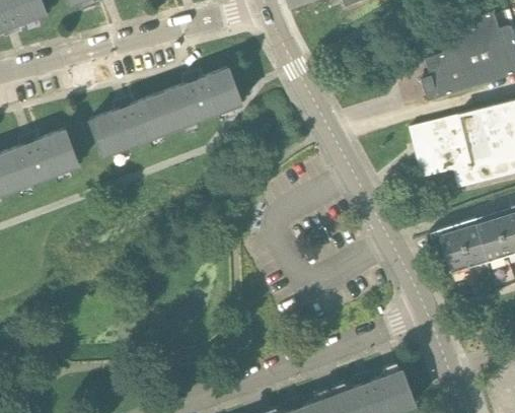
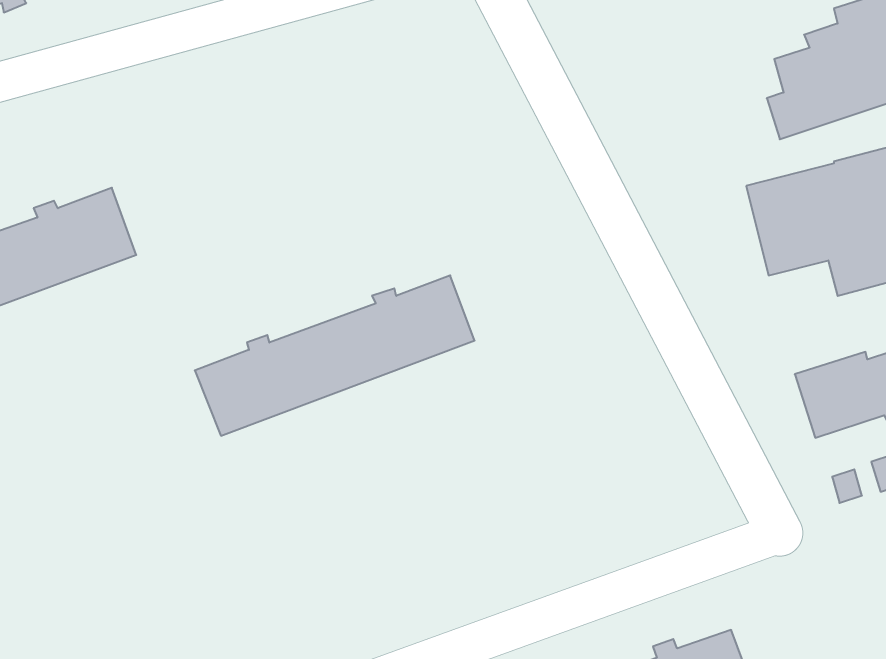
building: [89,68,241,155] -> [195,275,475,436]

